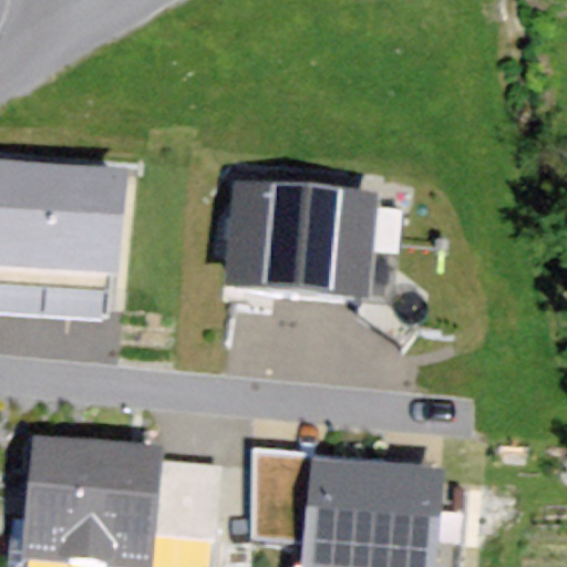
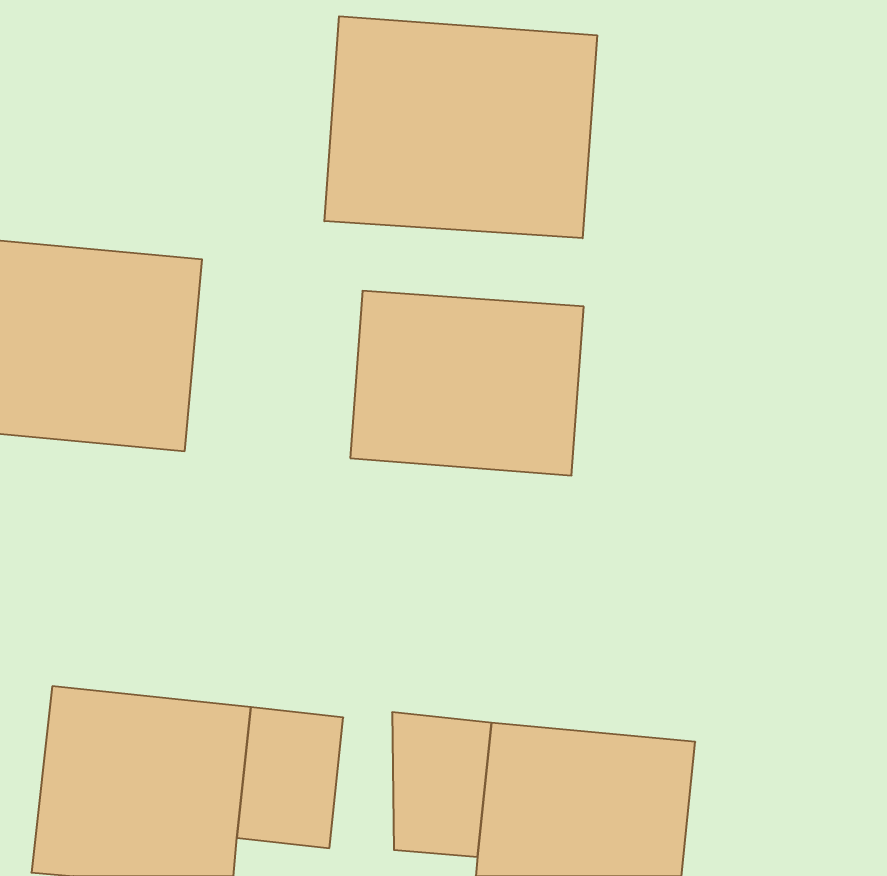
building: none -> [324,16,597,238]

